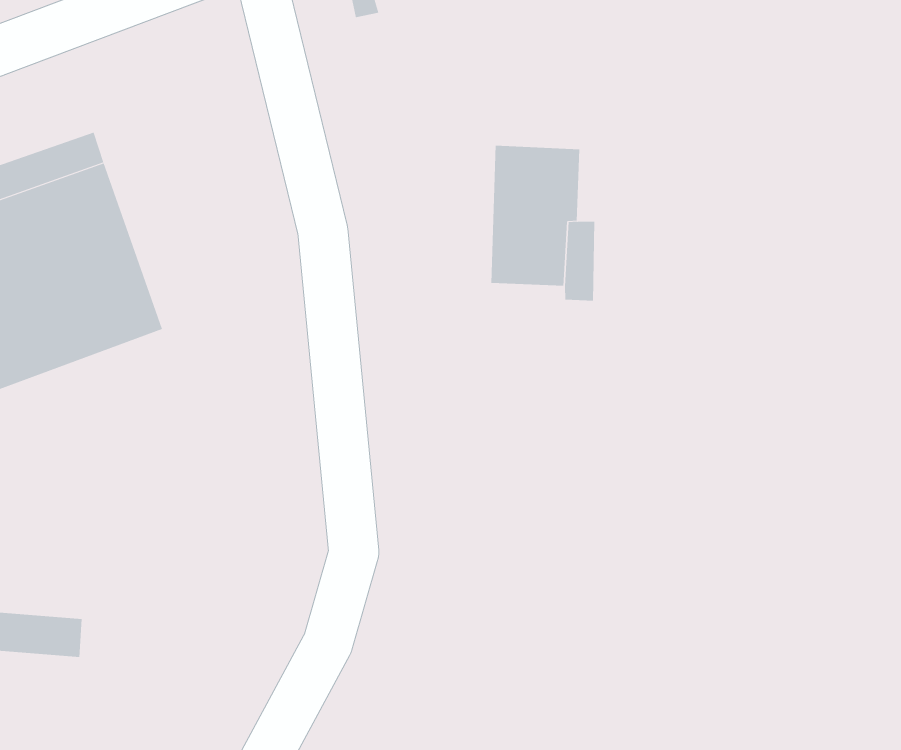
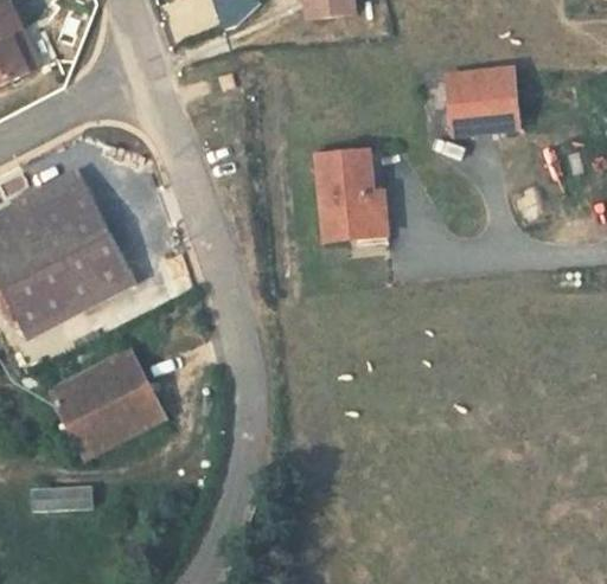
building: none -> [449,69,520,134]
building: none -> [45,355,158,461]

